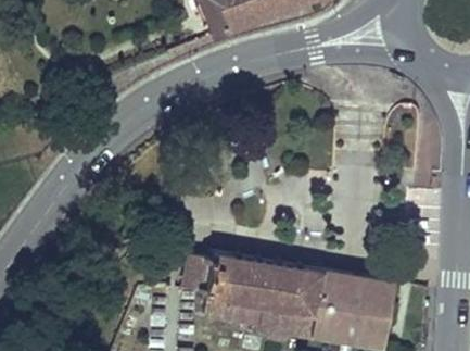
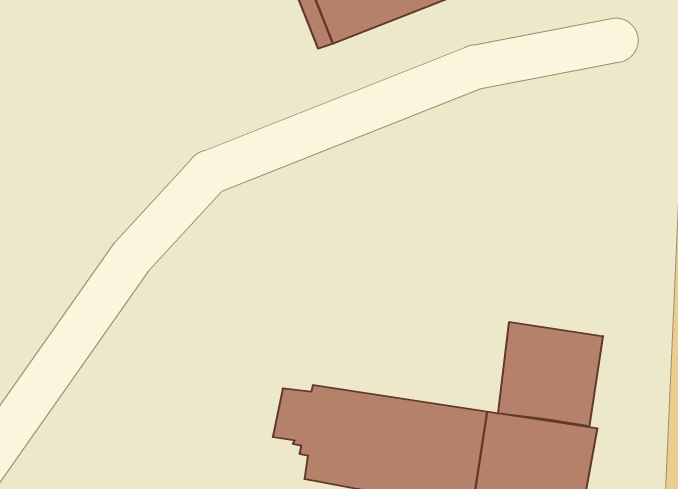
building: none -> [498,322,603,427]

